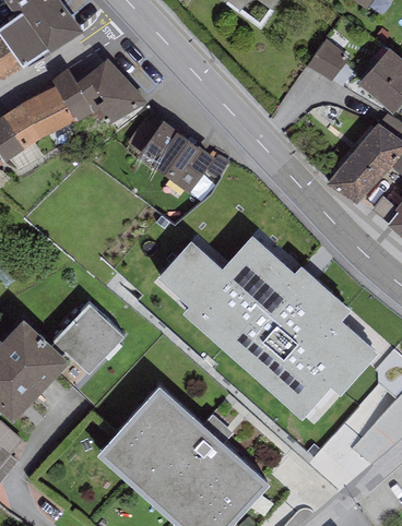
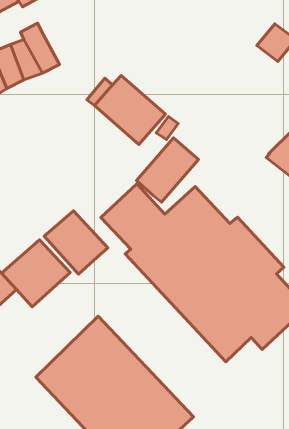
building: [73,56,145,124] -> none
building: none -> [136,138,199,202]
building: none -> [44,211,108,274]

